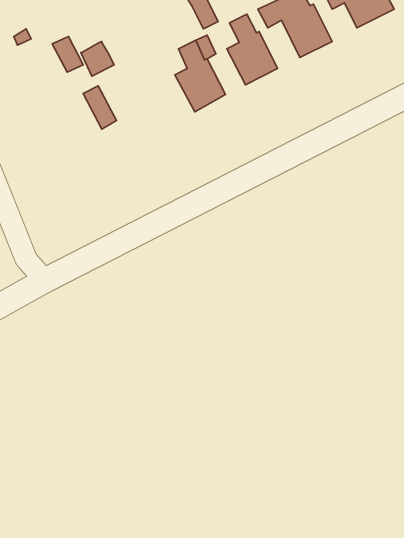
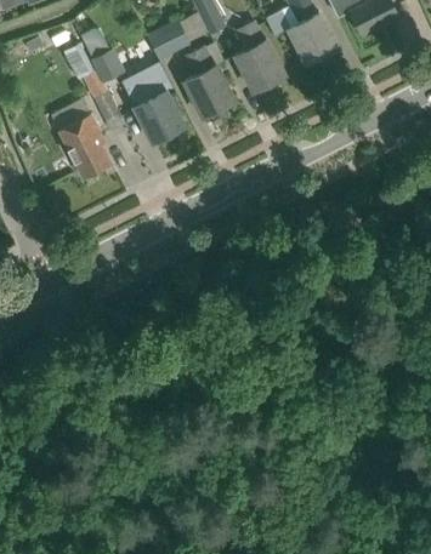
building: none -> [147,22,188,59]
building: none -> [134,72,183,141]
building: none -> [58,113,112,177]

